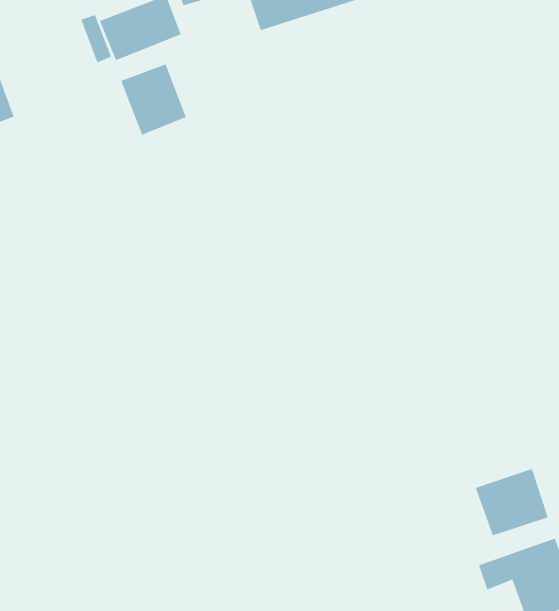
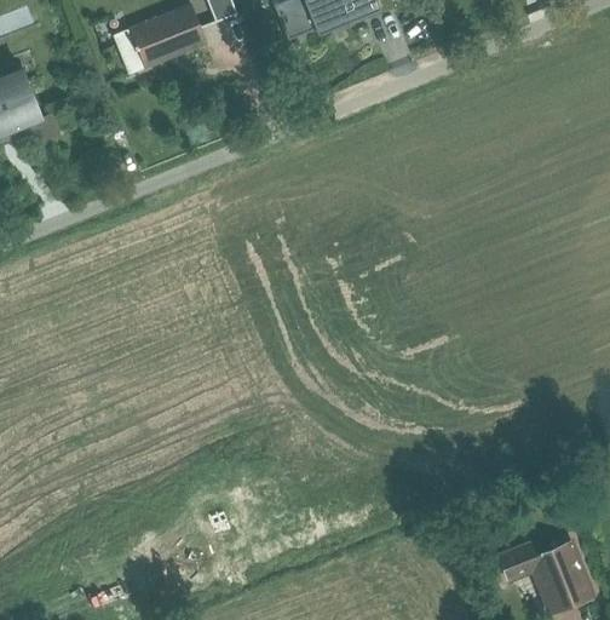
building: [120,63,187,135] -> none
building: [475,468,549,536] -> none

